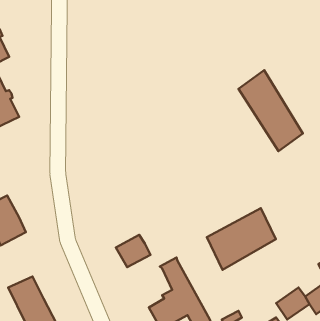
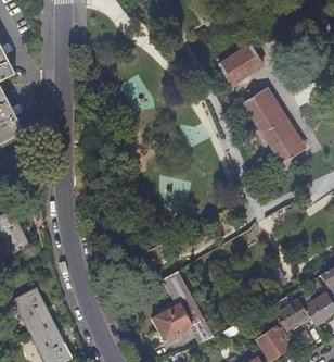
building: none -> [213,41,264,87]
building: [207,208,276,270] -> none
building: [116,235,150,267] -> none

